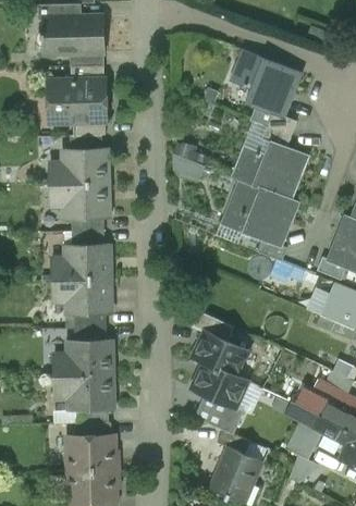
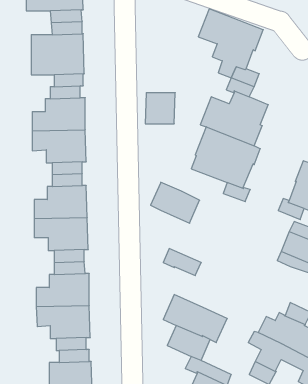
building: [193,331,246,375] -> [151,182,200,223]

